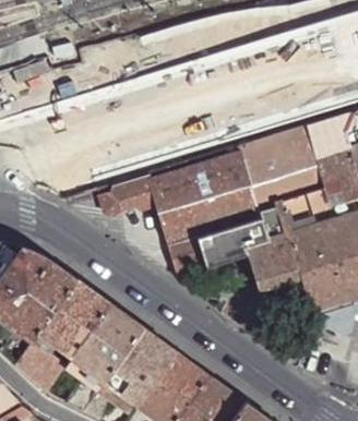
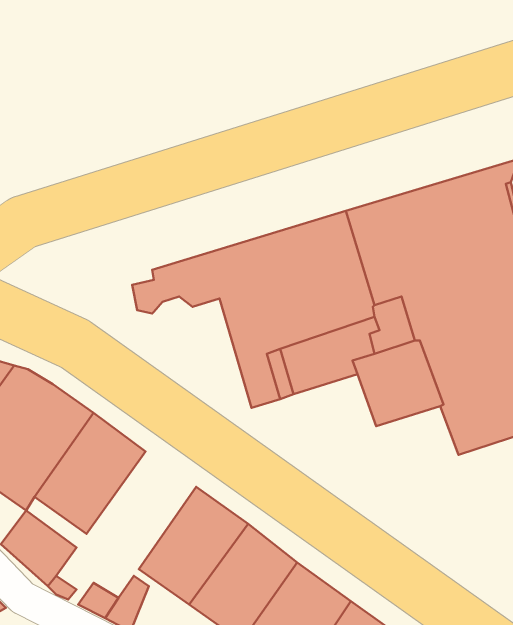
building: [70,303,141,380] -> none

